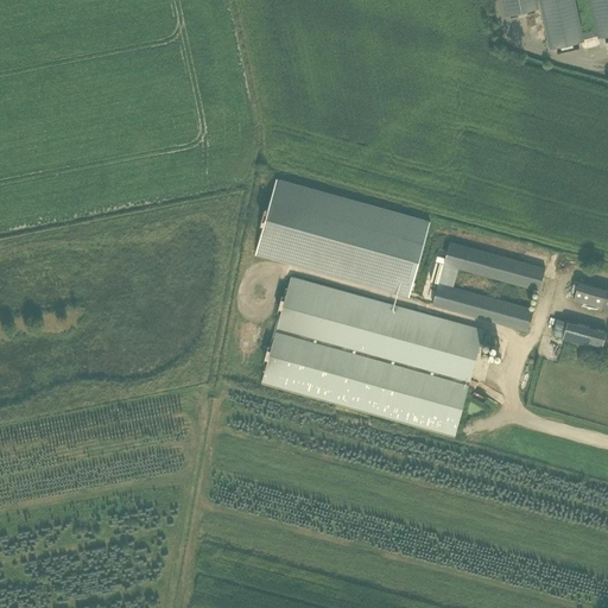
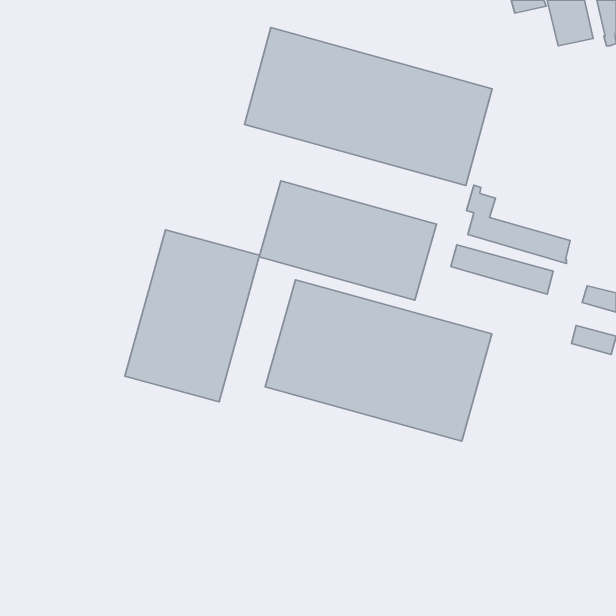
building: none -> [245,28,492,186]
building: none -> [125,230,260,402]
building: [431,254,533,331] -> [466,185,570,263]

